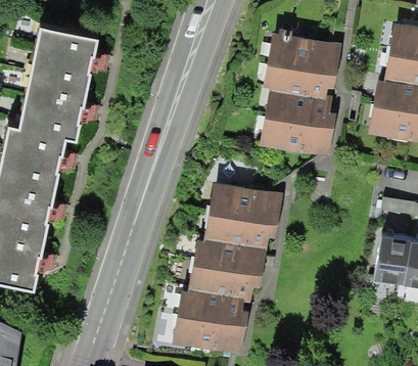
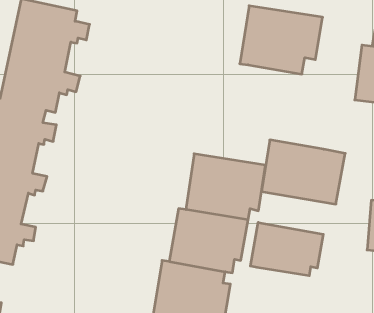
building: [258,94,340,157] -> [261,140,345,204]
building: none -> [250,222,323,276]

